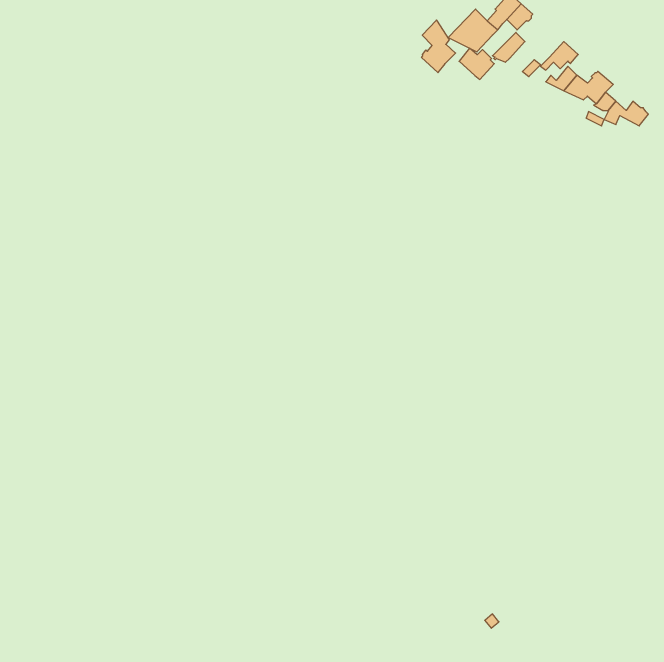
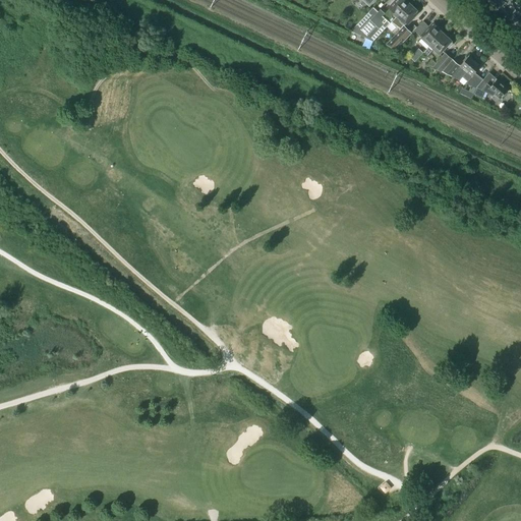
building: [422,20,456,73] -> none
building: [459,48,494,79] -> [414,20,442,45]

